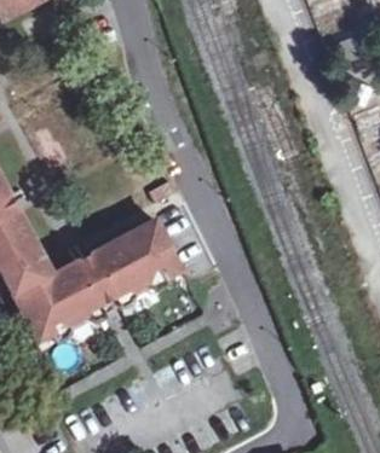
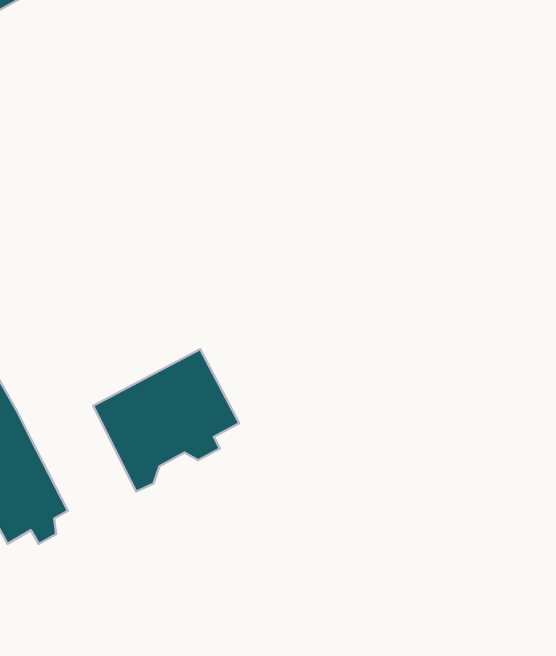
building: [50,261,104,319] -> none

